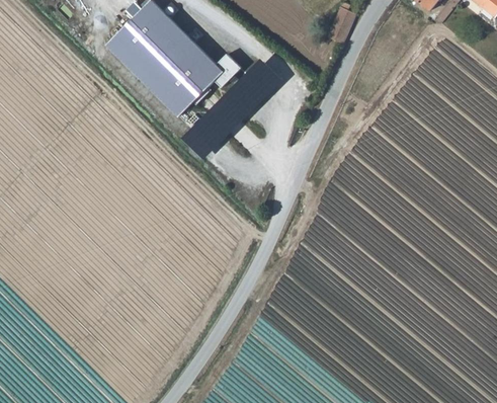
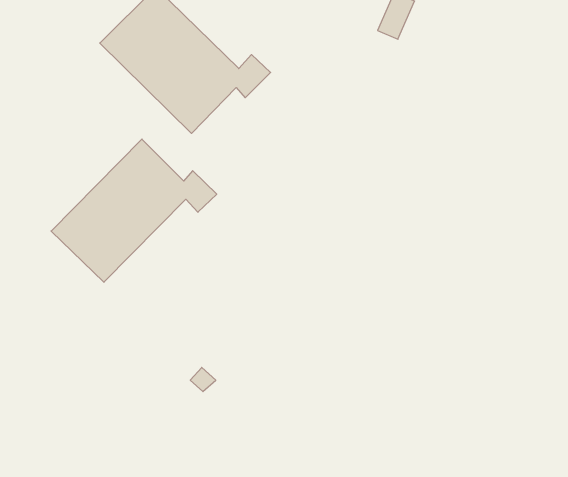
building: none -> [51,139,217,282]

